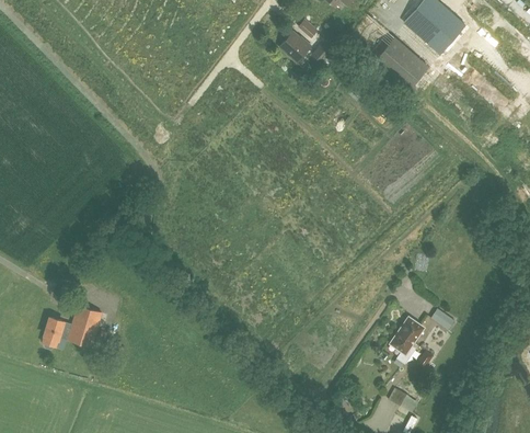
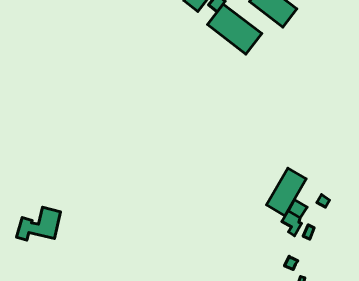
building: none -> [207,4,262,54]
building: none -> [266,168,306,216]

